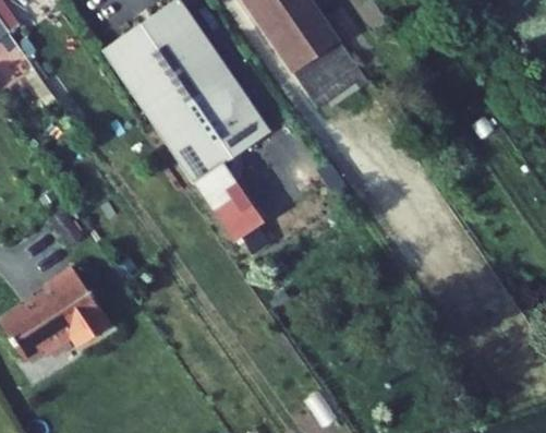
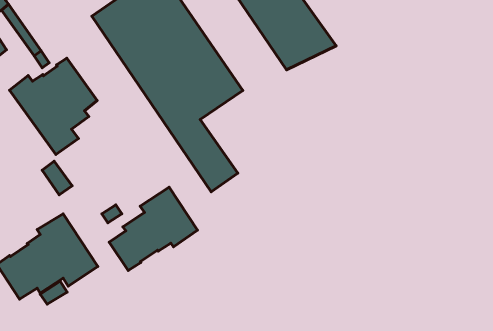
building: none -> [10,58,97,155]
building: none -> [109,187,197,271]

